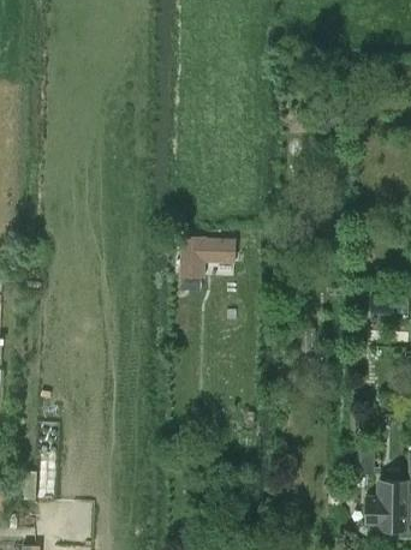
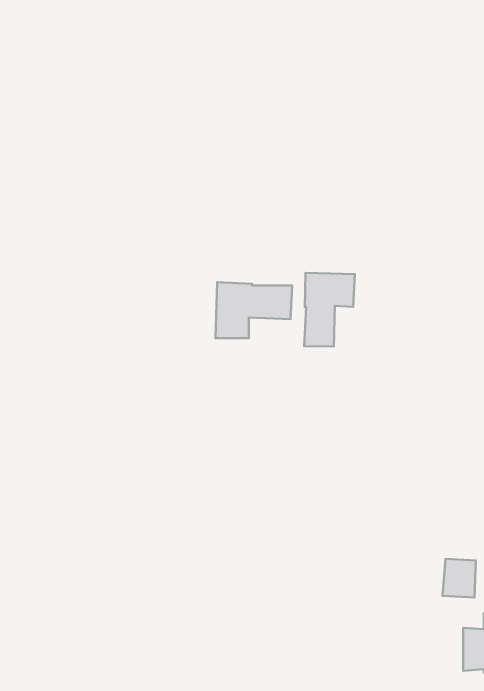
building: none -> [304,273,355,346]

